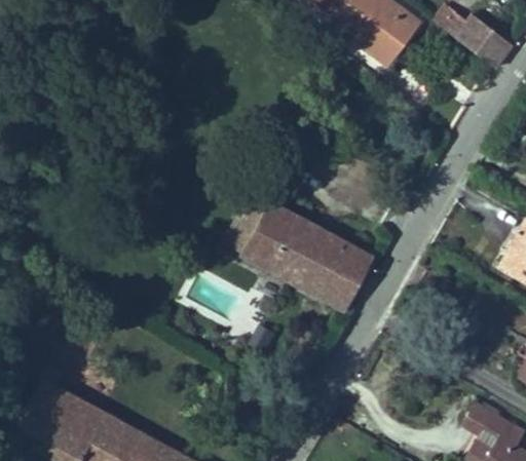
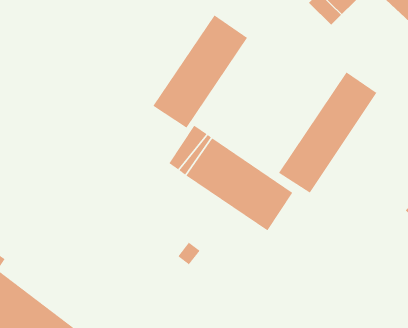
building: none -> [152,15,248,128]
building: none -> [278,72,377,193]

